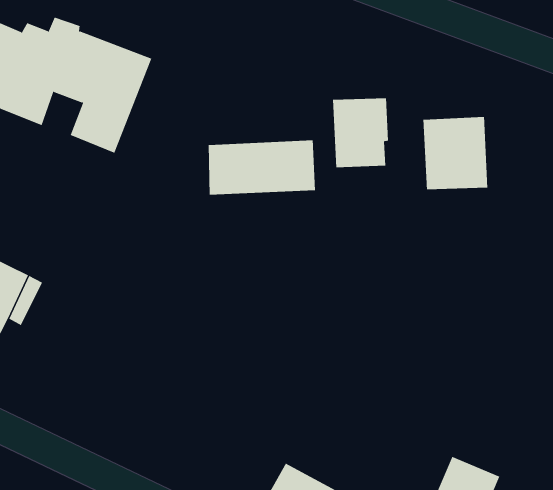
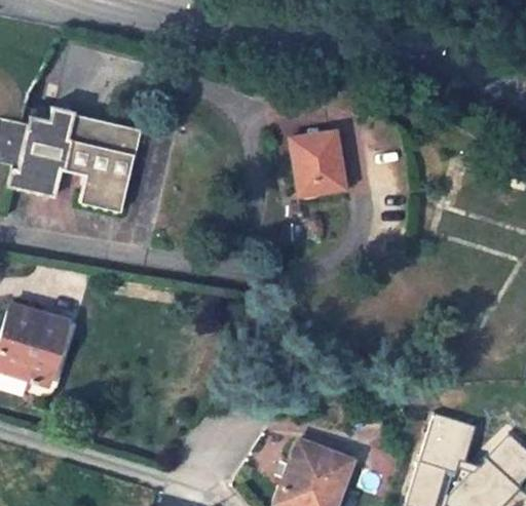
building: [423,116,488,190] -> none
building: [208,139,315,196] -> none

